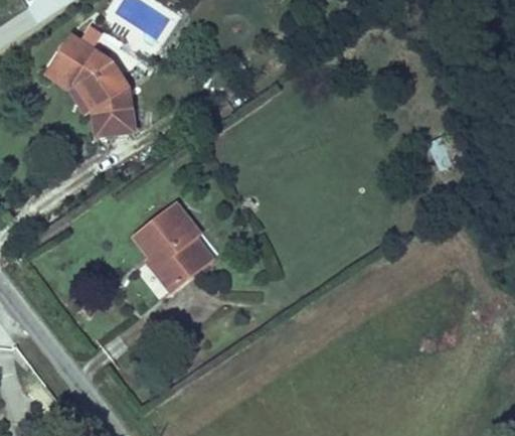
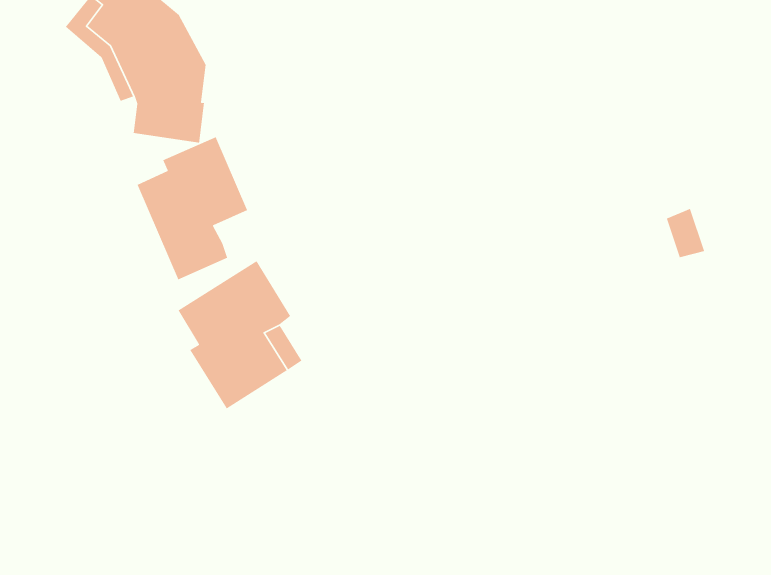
building: none -> [136,136,248,280]

